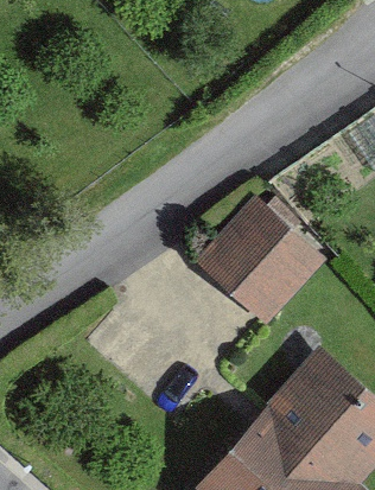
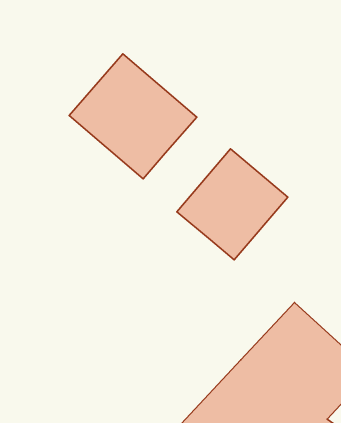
building: none -> [69,54,197,179]

